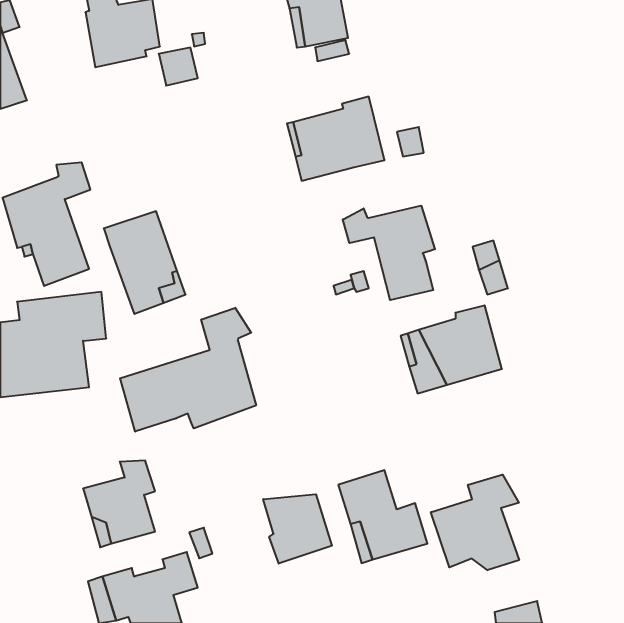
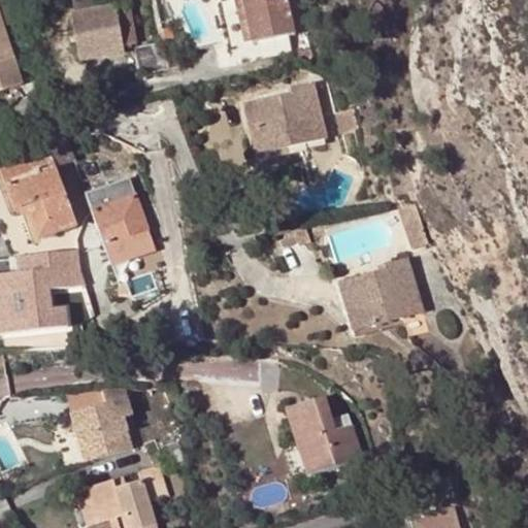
building: [343,206,435,300] -> none
building: [120,308,256,432] -> none
building: [431,475,519,570] -> none
building: [263,494,332,564] -> none

